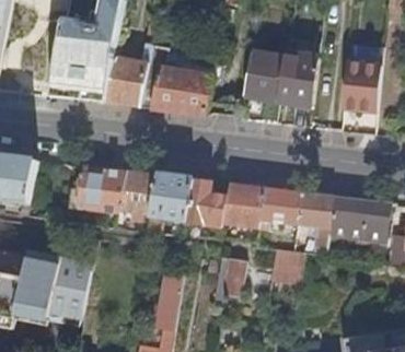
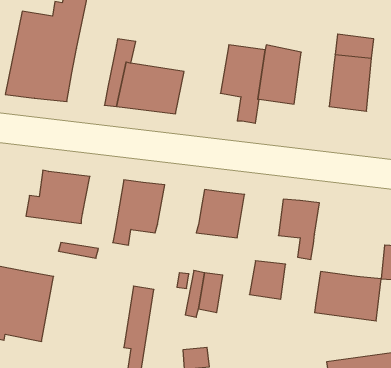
building: [103,43,149,106] -> none
building: [116,171,154,220] -> none
building: [183,178,225,236] -> none
building: [258,187,299,224] -> none
building: [326,195,386,239] -> [315,272,381,321]

